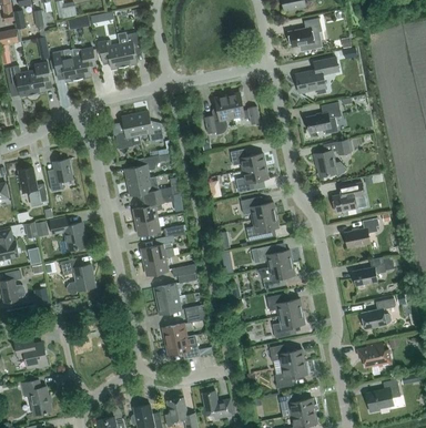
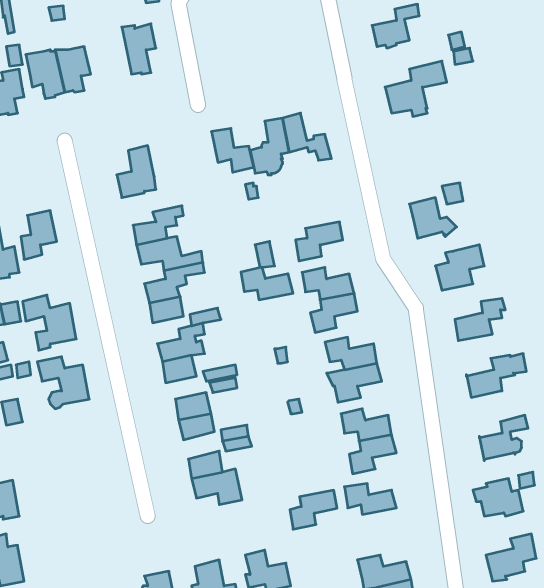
building: [98,40,123,70] -> none
building: [305,102,341,134] -> none
building: [134,112,163,142] -> [211,128,254,172]
building: [230,149,265,171] -> [241,267,293,300]
building: [274,361,306,388] -> [290,490,337,529]

